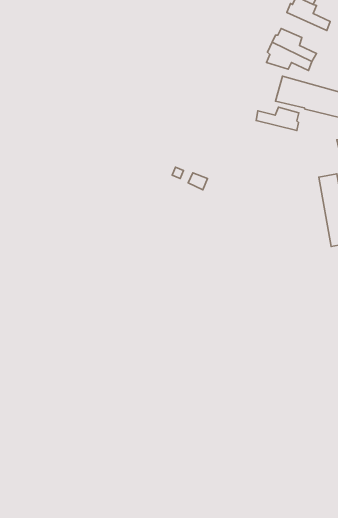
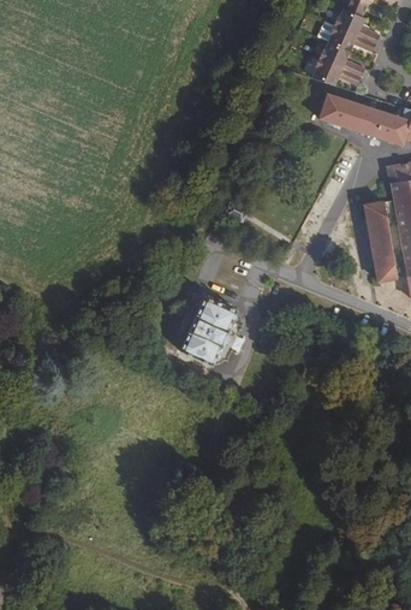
building: none -> [326,28,374,54]
building: [256,107,299,130] -> none
building: none -> [183,300,237,366]

